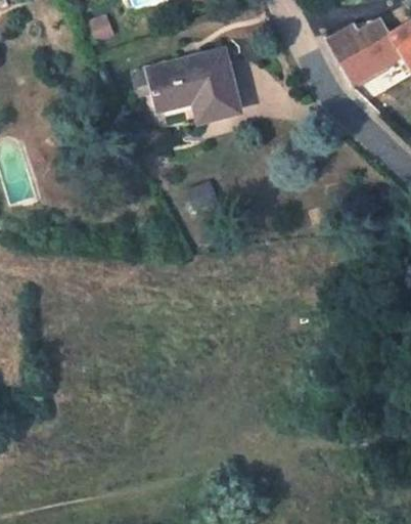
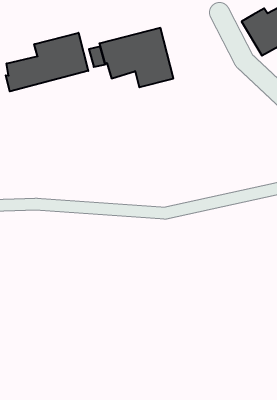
building: none -> [6,33,88,91]

